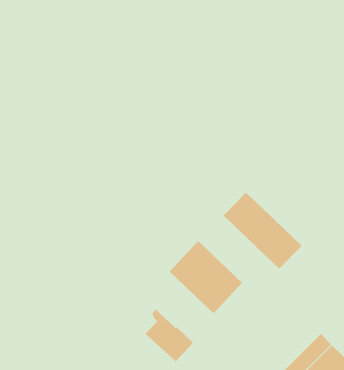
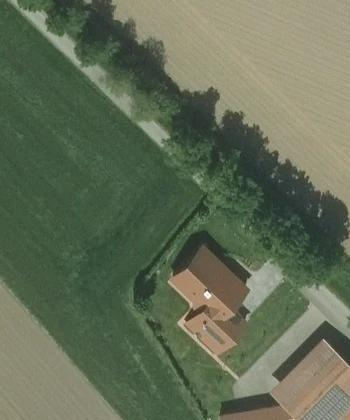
building: [223,192,303,269] -> none
building: [144,308,194,362] -> [187,302,236,355]

